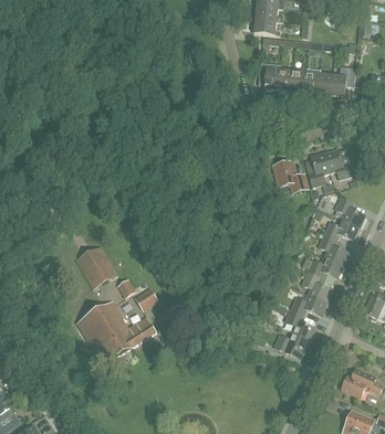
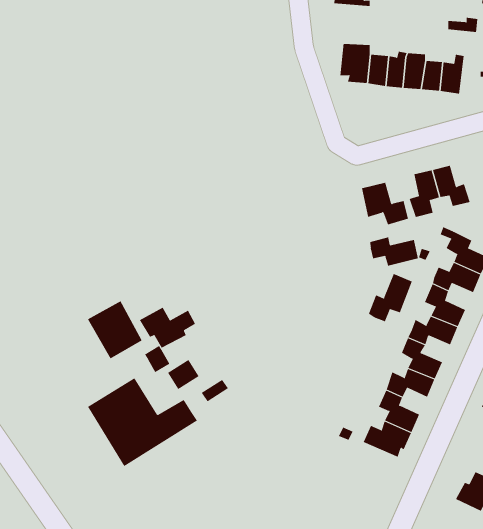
building: none -> [370,237,418,266]
building: none -> [368,273,413,322]
building: none -> [139,307,196,349]

